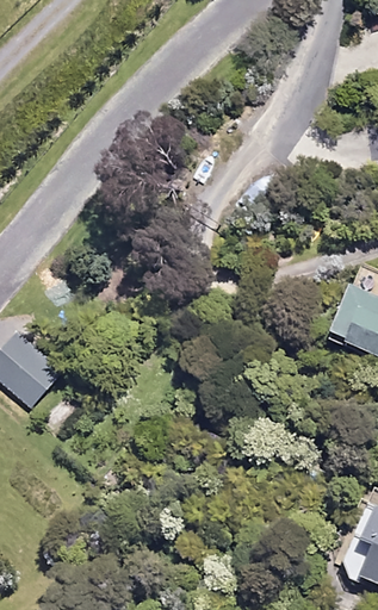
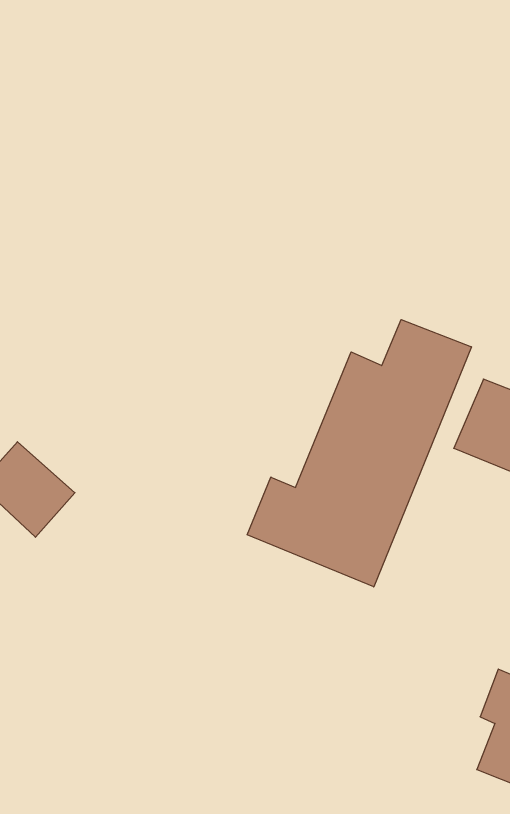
building: none -> [247,320,471,587]

